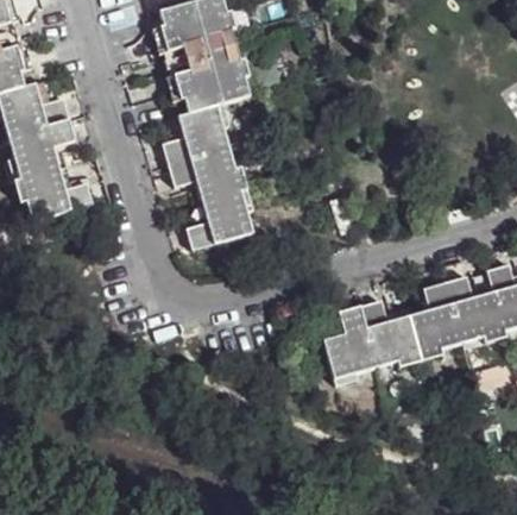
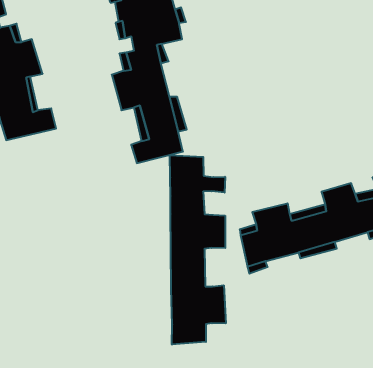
building: none -> [170,155,226,345]

